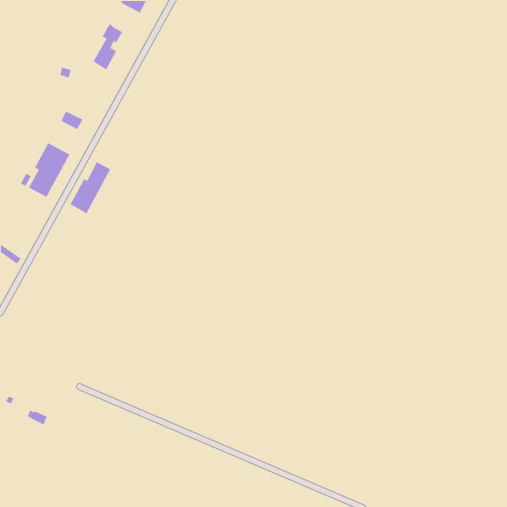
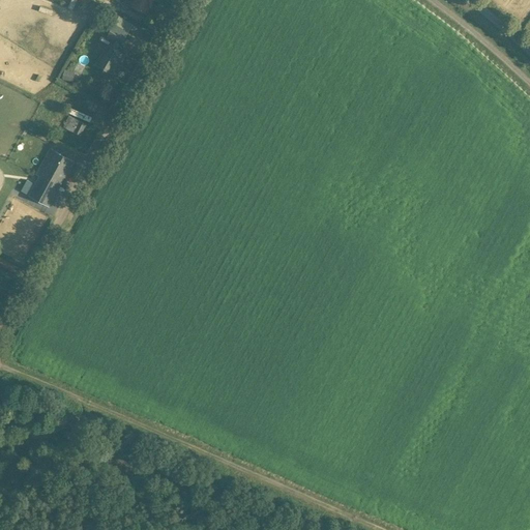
building: [70,161,111,214] -> none

